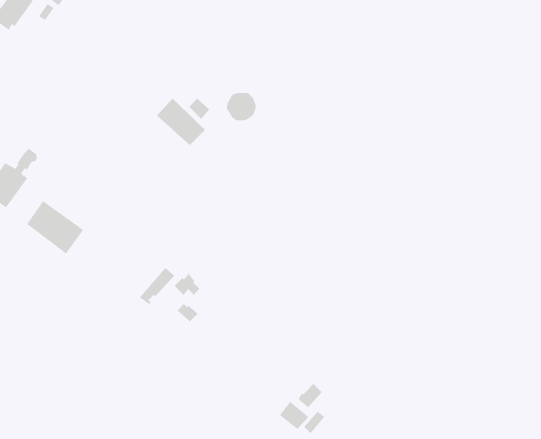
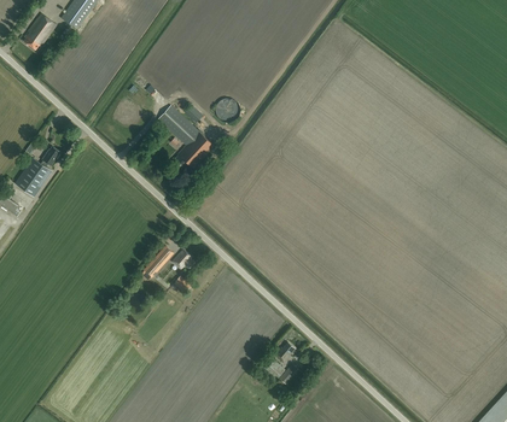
building: none -> [174,130,214,166]
building: [26,200,84,254] -> none

